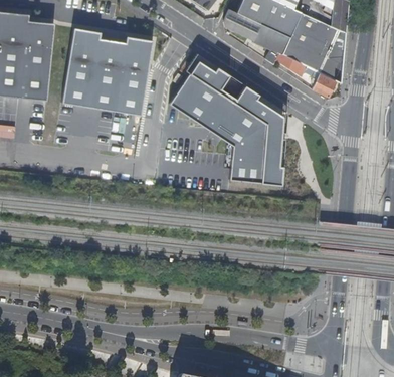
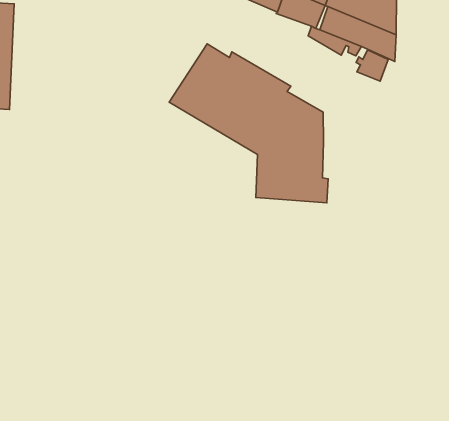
building: [59,26,149,112] -> none

